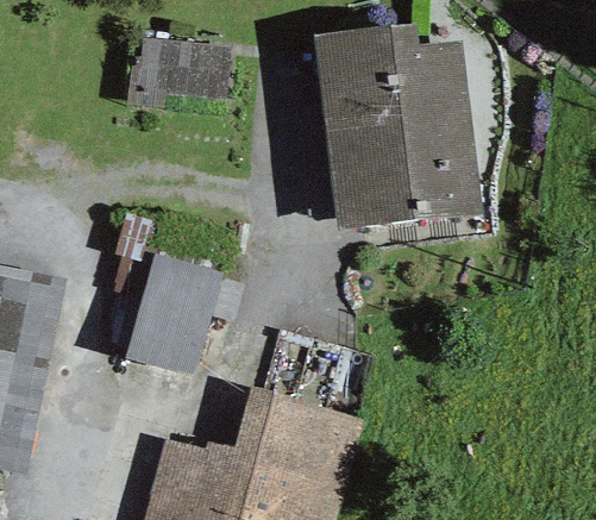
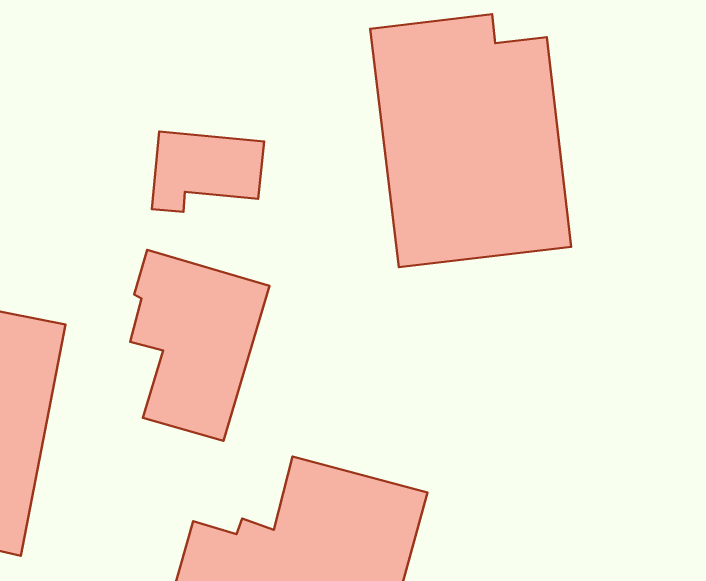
building: [137,39,230,106] -> [152,131,264,212]

